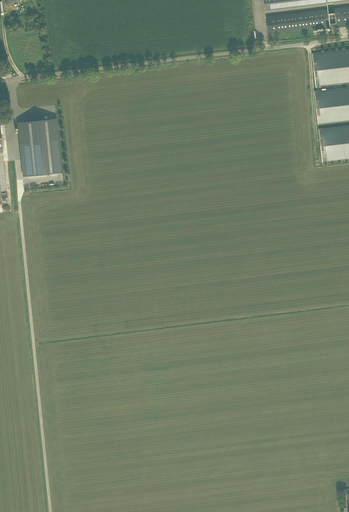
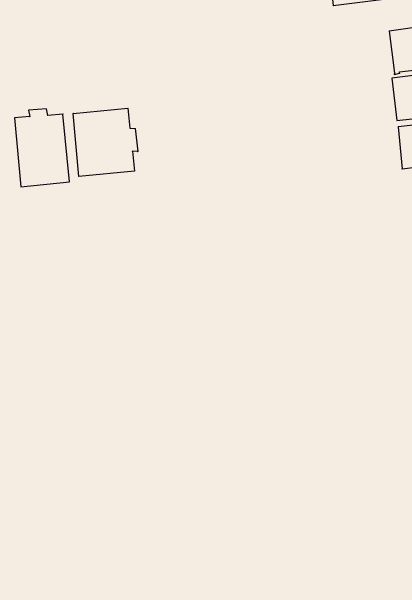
building: none -> [73,108,138,176]

